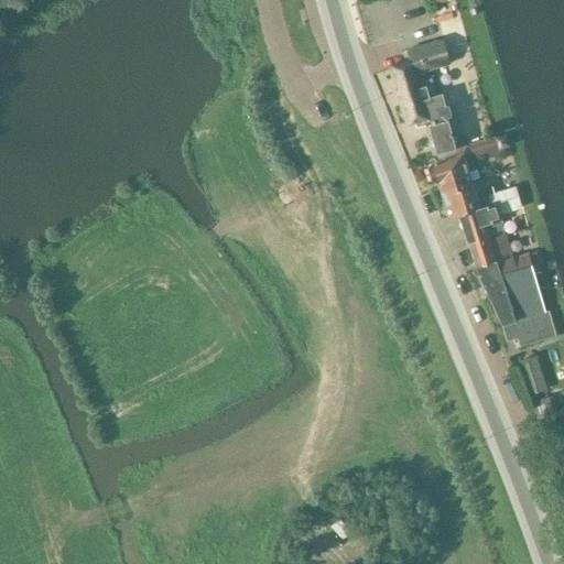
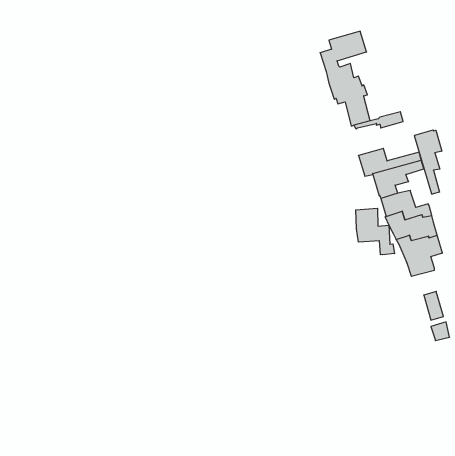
building: [430,153,475,193] -> none
building: none -> [414,130,442,194]
building: none -> [356,208,395,255]

